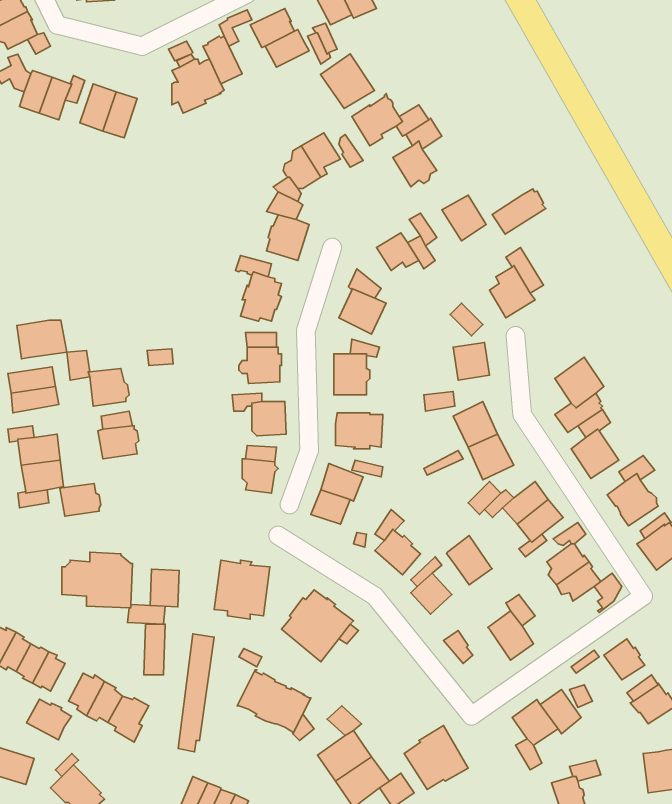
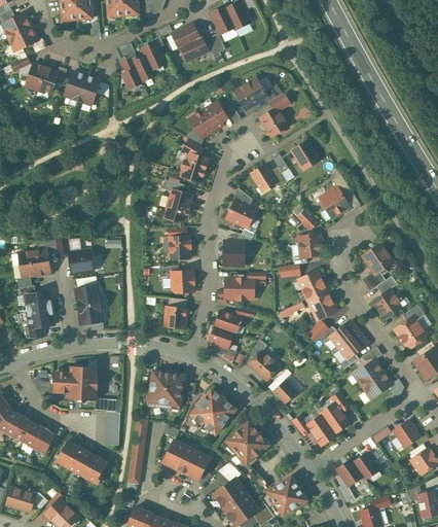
building: [321,54,374,108] -> none
building: [492,189,546,234] -> none
building: [17,320,67,359] -> none
building: [60,483,101,516] -> [78,304,104,324]
building: [446,536,492,585] -> [306,414,335,445]
building: [150,569,179,607] -> none
building: none -> [227,421,268,463]
building: [26,699,72,740] -> none

